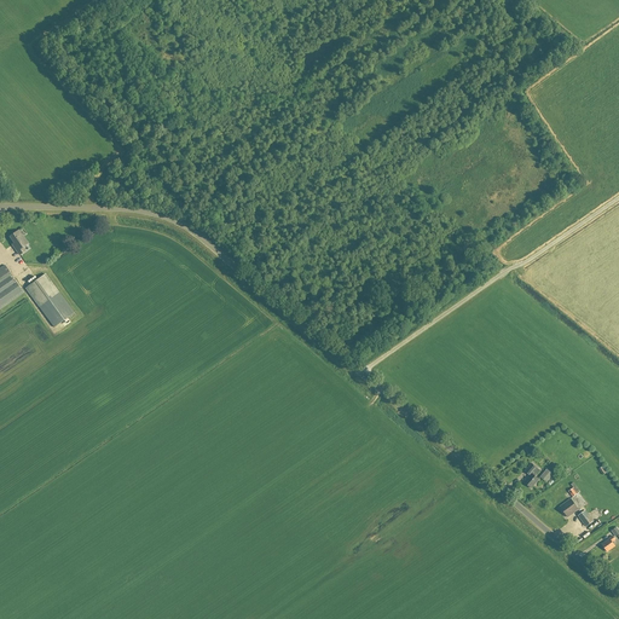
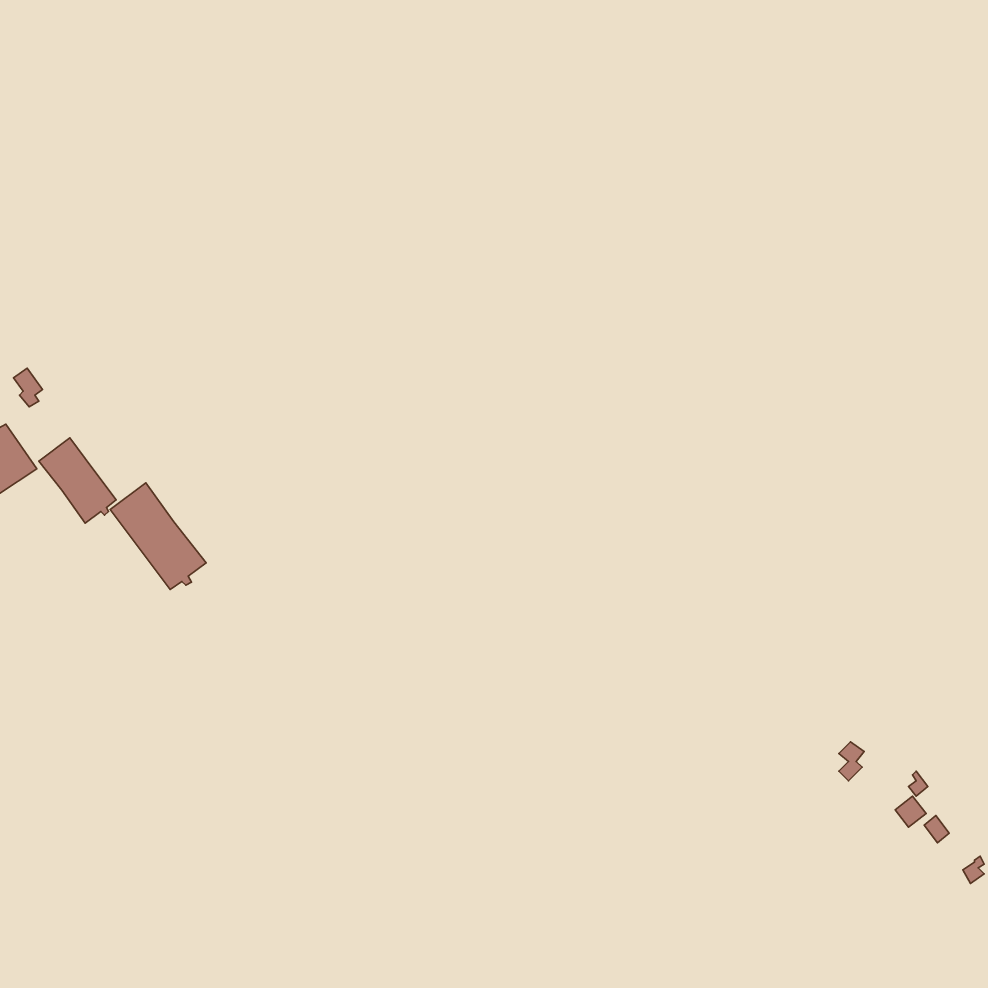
building: none -> [110,483,206,590]

